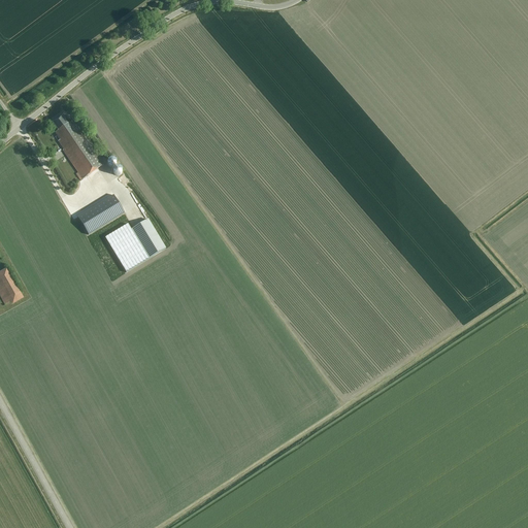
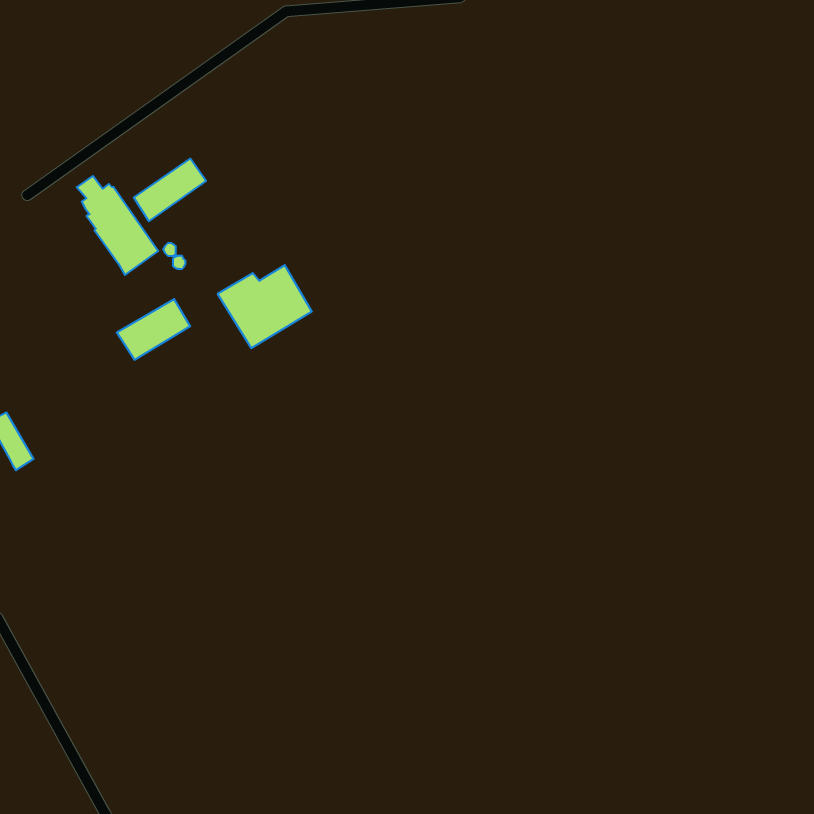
building: none -> [134,159,206,221]
building: [103,217,164,270] -> [218,265,312,348]

